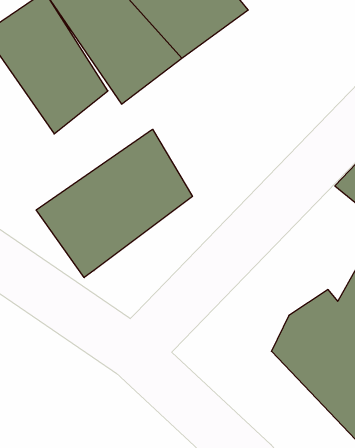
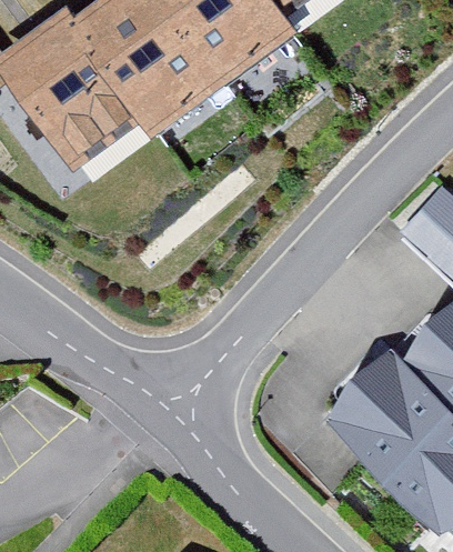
building: [36,129,192,278] -> none

